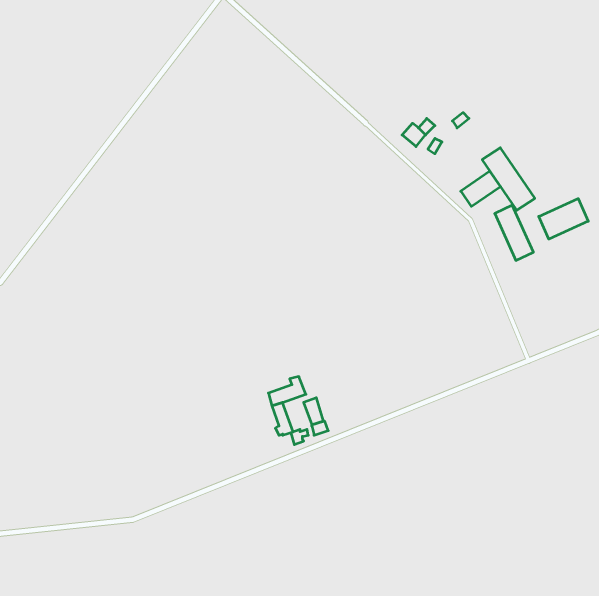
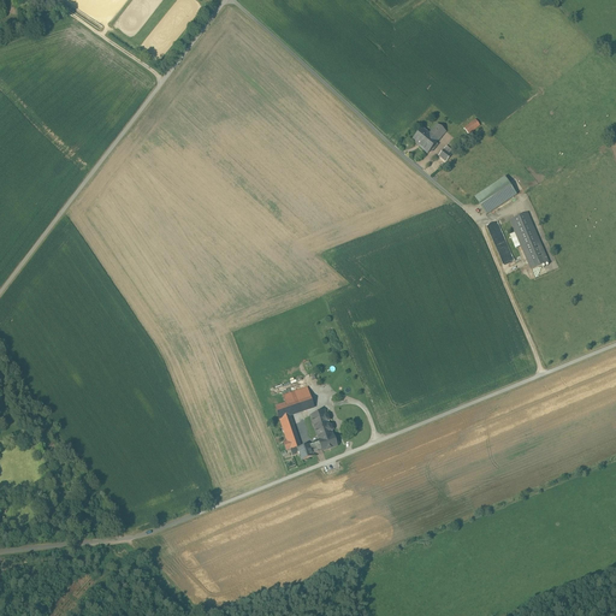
building: [482,148,535,210] -> none
building: [539,199,588,239] -> none

